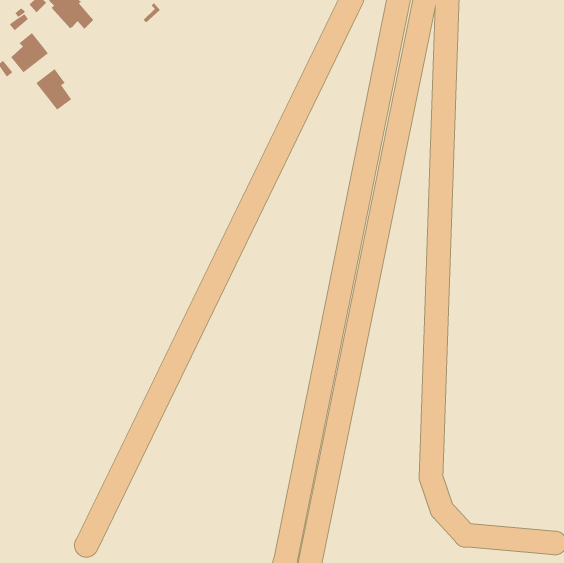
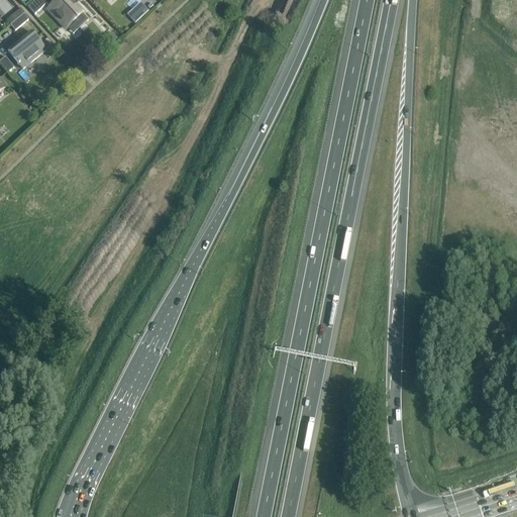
building: [36,68,76,110] -> none

